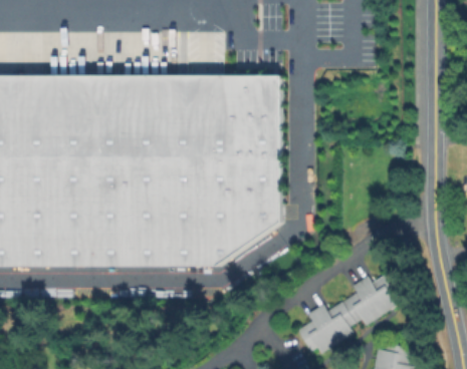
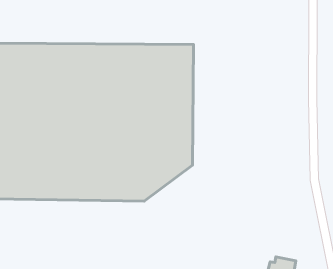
building: [296,271,399,351] -> none

